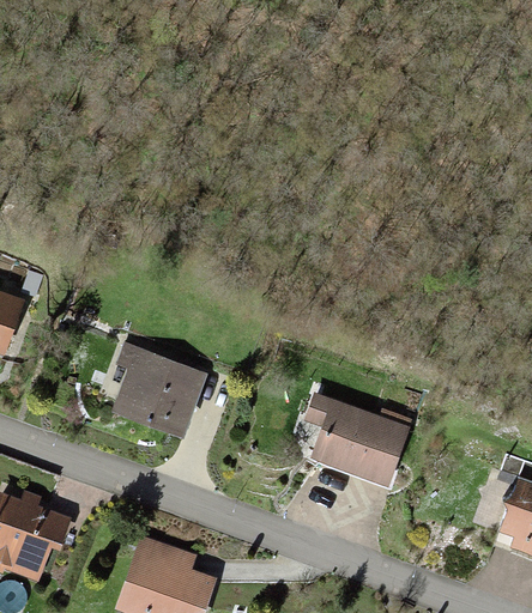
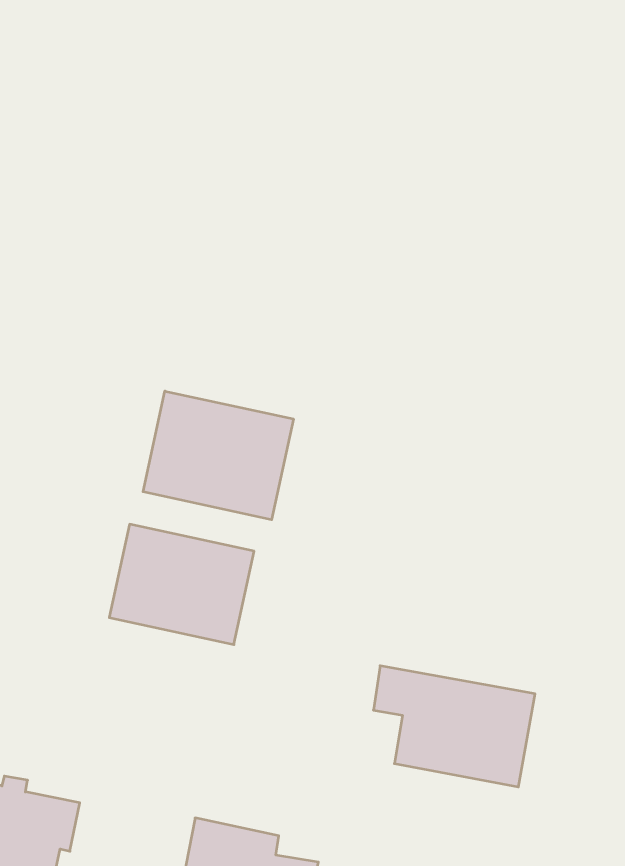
building: none -> [143,391,293,520]
building: [306,393,410,482] -> [373,666,535,787]

